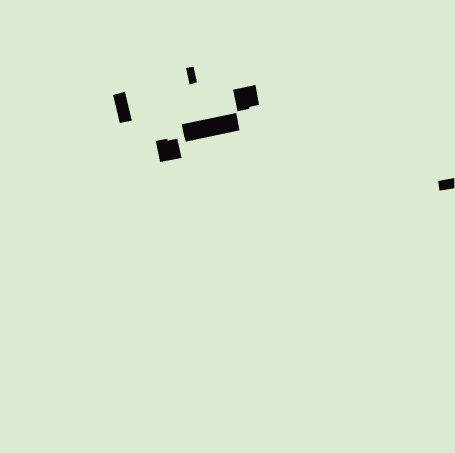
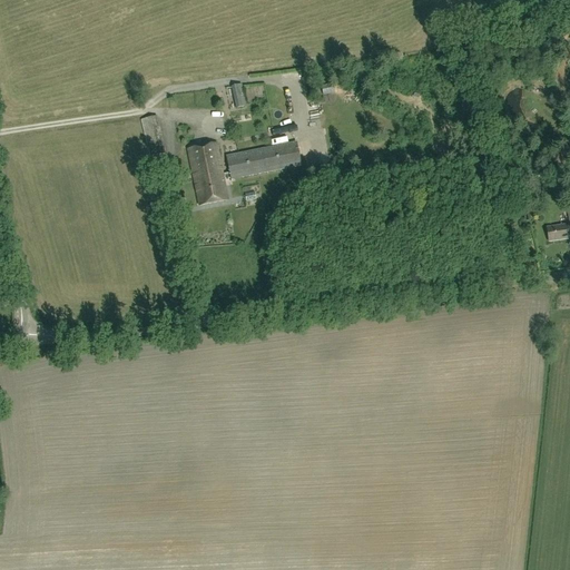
building: [232,84,260,112] -> none
building: none -> [188,141,223,176]

